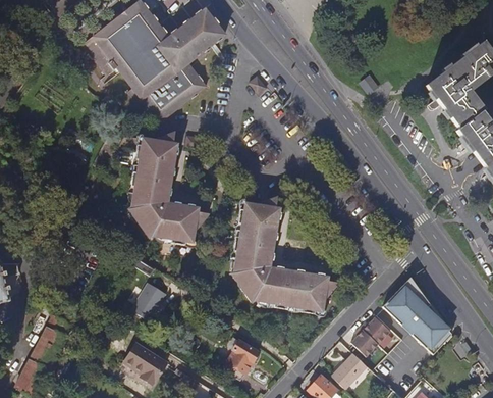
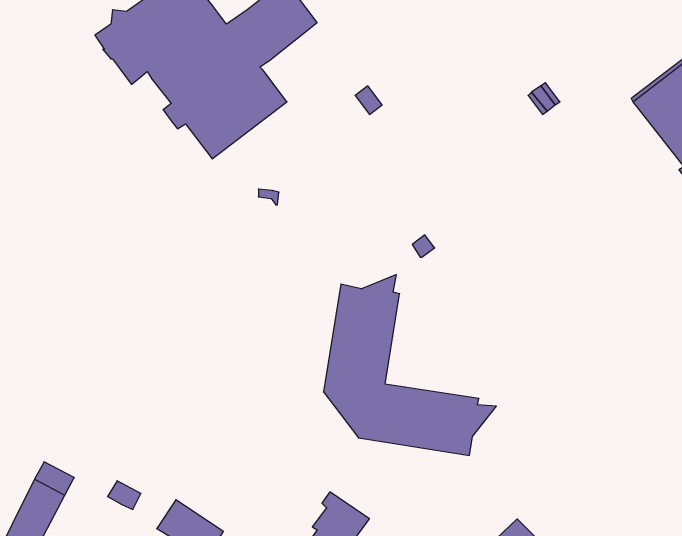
building: [129,137,212,249] -> none
building: [382,278,453,354] -> none
building: [133,279,169,317] -> none
building: [352,313,398,353] -> none

